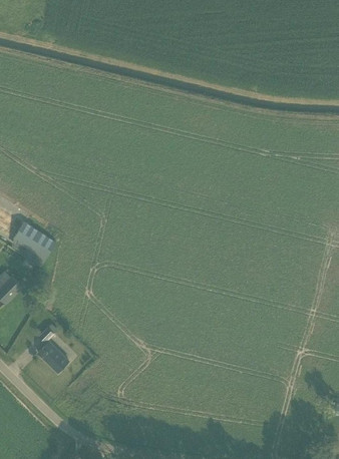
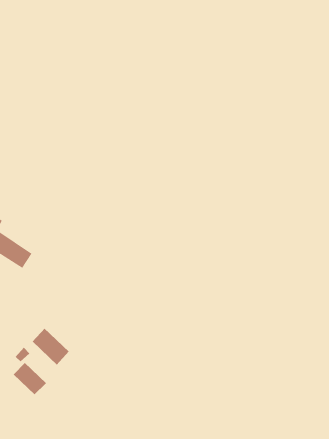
building: none -> [32,328,69,365]

